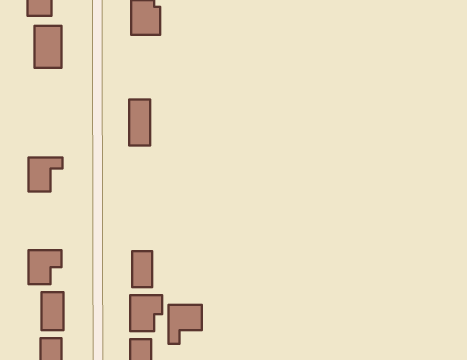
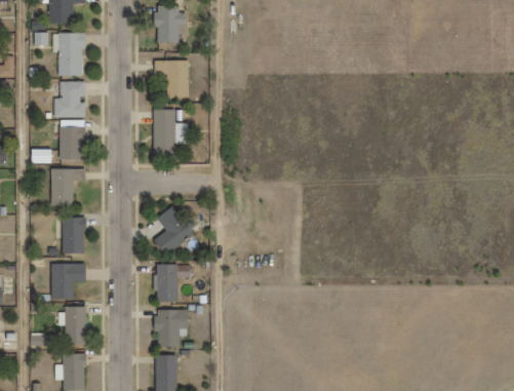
building: none -> [154,60,189,97]
building: none -> [55,81,86,116]
building: none -> [60,122,84,158]
building: none -> [154,205,194,257]
building: none -> [58,217,84,253]
building: [169,305,202,344] -> none

